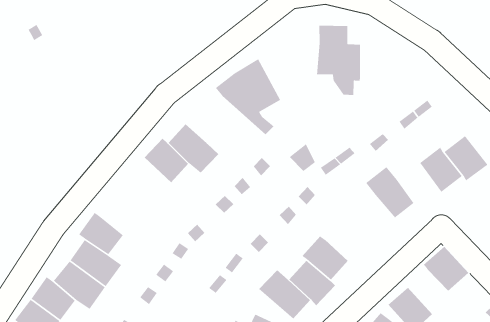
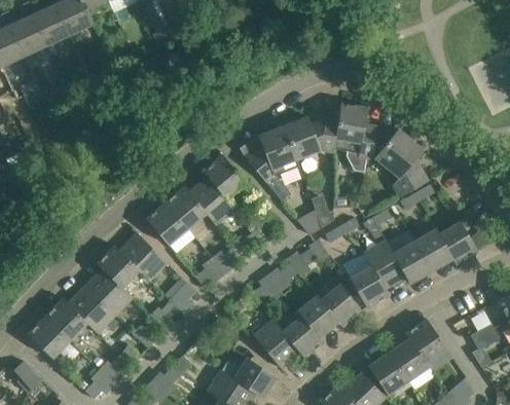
building: none -> [282,117,338,168]
building: none -> [372,126,428,197]
building: none -> [203,155,245,197]
building: none -> [146,202,187,245]
building: none -> [393,242,431,284]
building: none -> [349,265,389,308]
building: none -> [119,233,168,281]
building: none -> [320,283,362,327]
building: none -> [389,339,429,380]

